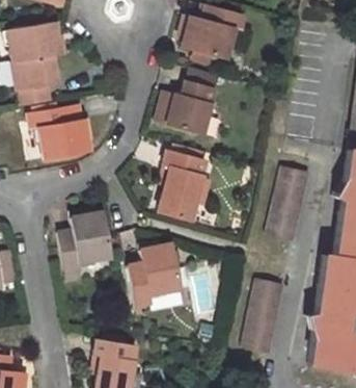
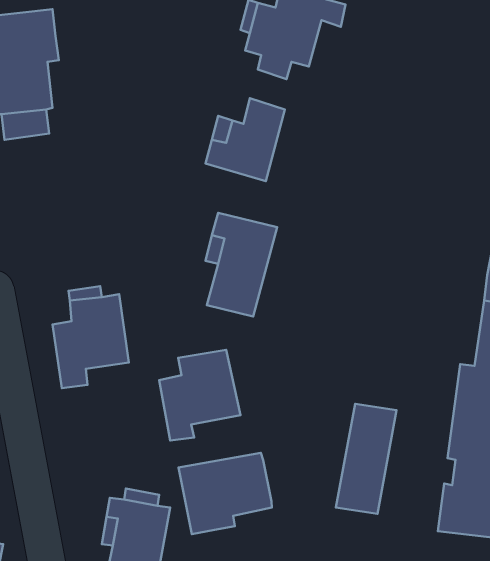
building: [31,109,89,159] -> none
building: [267,164,309,239] -> none
building: none -> [179,453,272,534]

